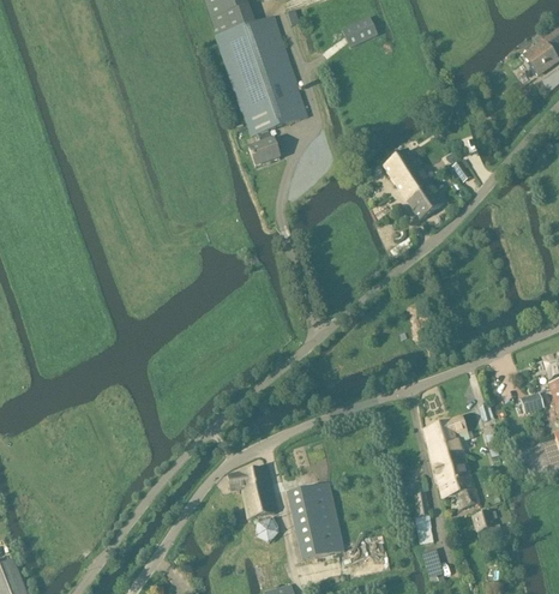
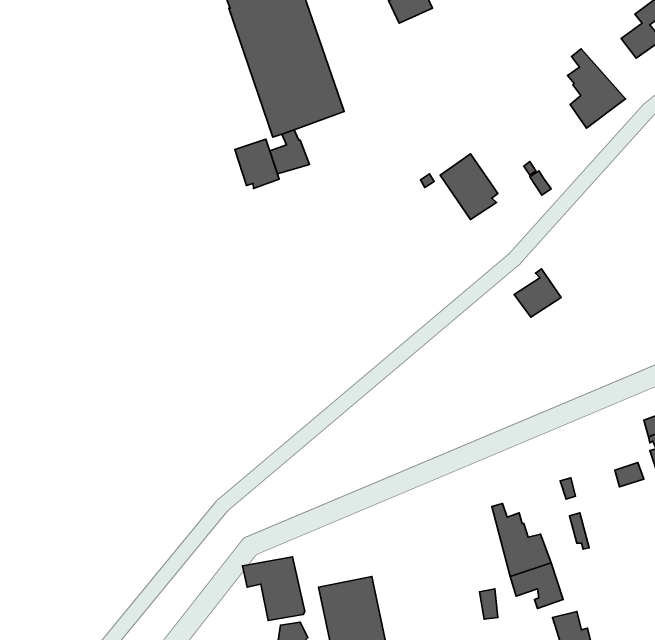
building: none -> [567,49,625,128]
building: none -> [235,139,279,189]
building: [407,180,444,218] -> [514,269,561,317]
building: [432,414,469,451] -> none

